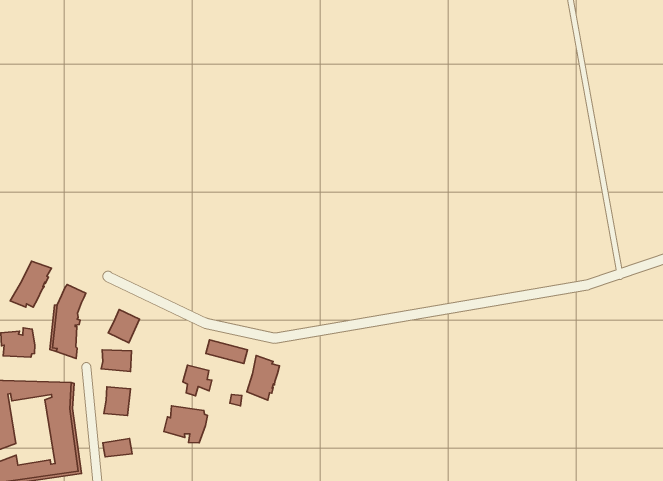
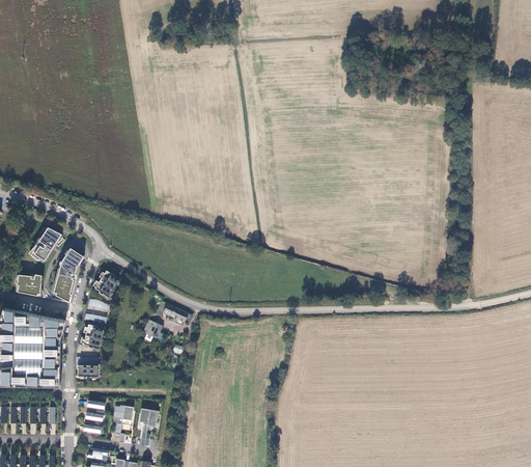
building: [247,356,279,400] -> none
building: none -> [15,320,47,375]
building: [164,406,208,443] -> none

